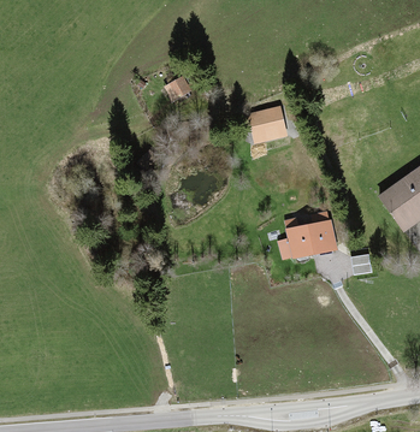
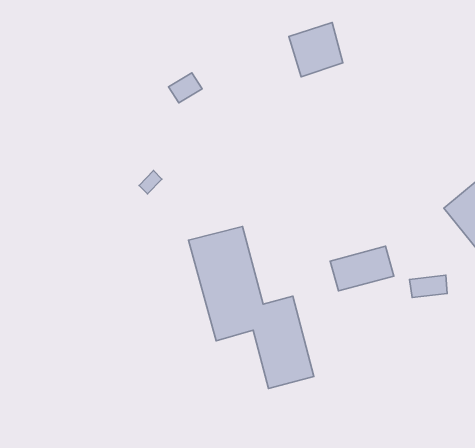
building: [249,103,290,144] -> [289,23,343,77]
building: none -> [189,227,314,389]

